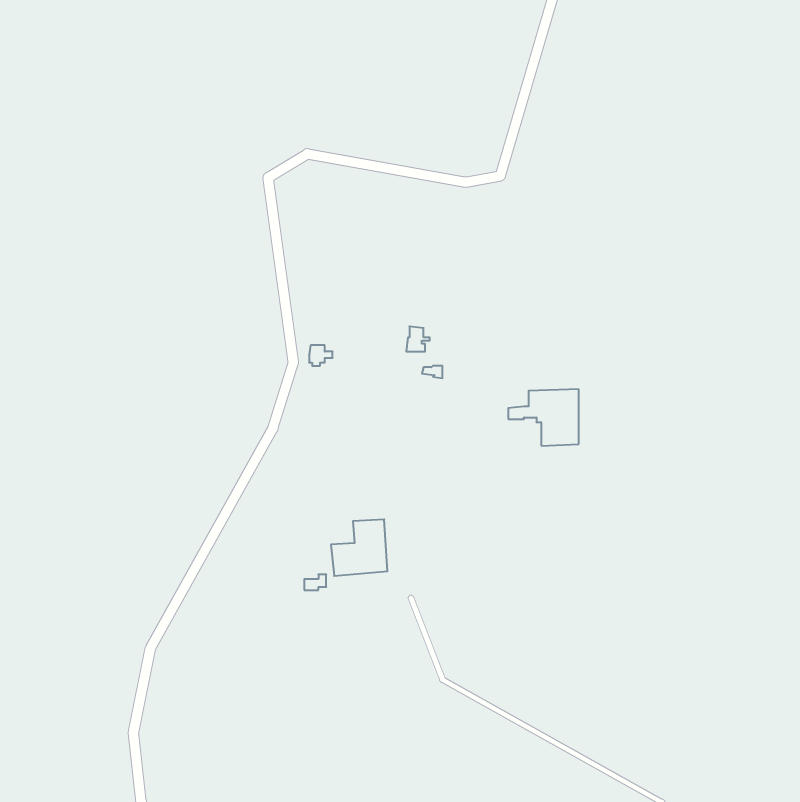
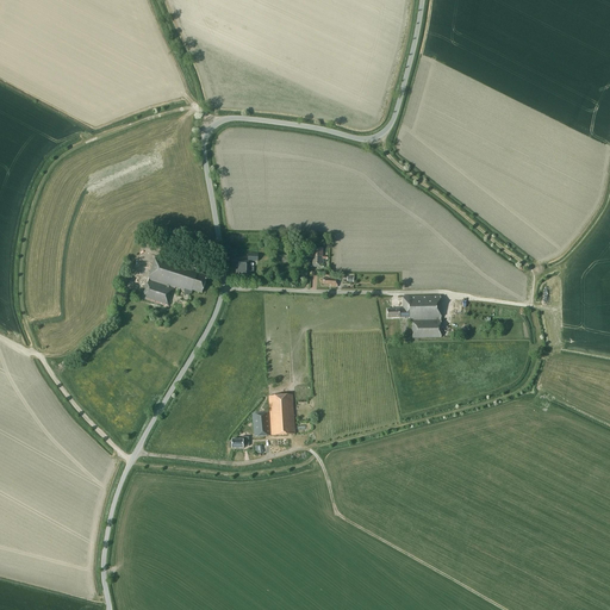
building: none -> [141,256,206,306]

